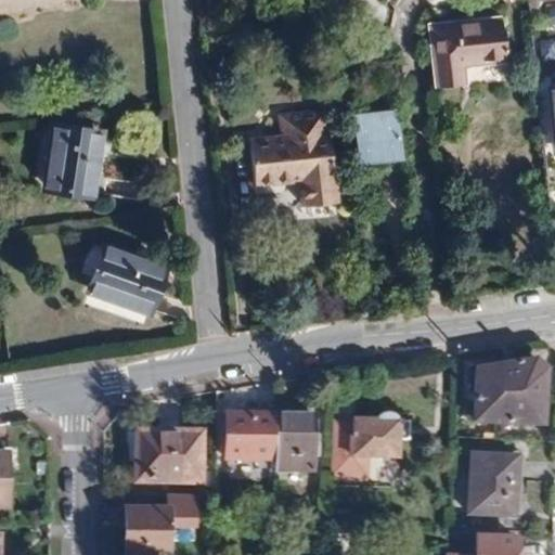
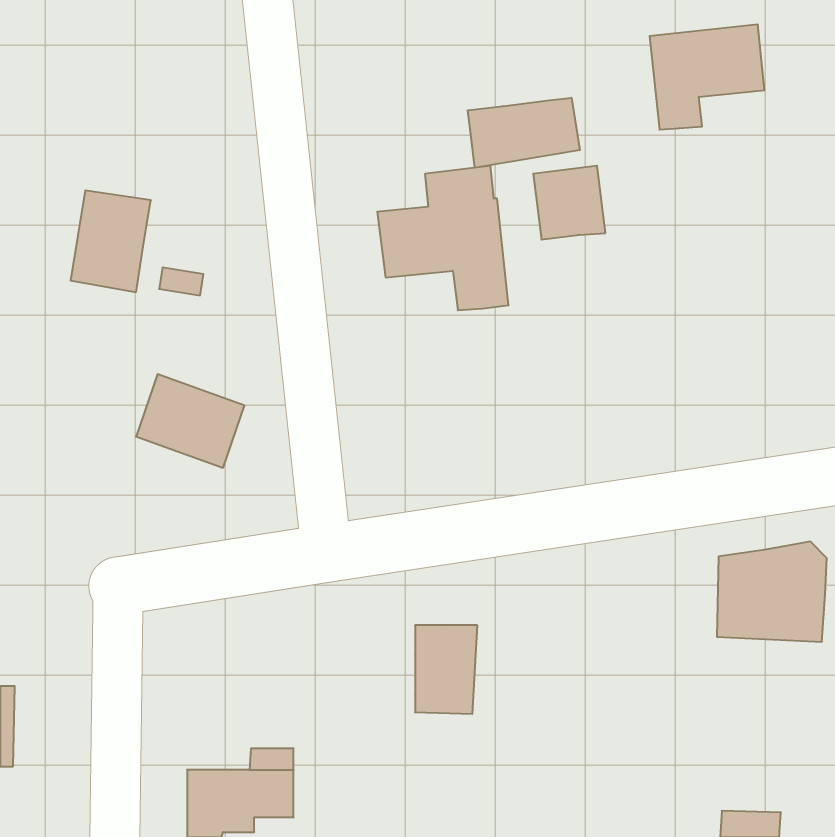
building: none -> [468,98,580,168]
building: [227,413,276,459] -> none
building: [333,414,401,477] -> none
building: [138,430,202,480] -> none
building: [470,453,519,515] -> none

